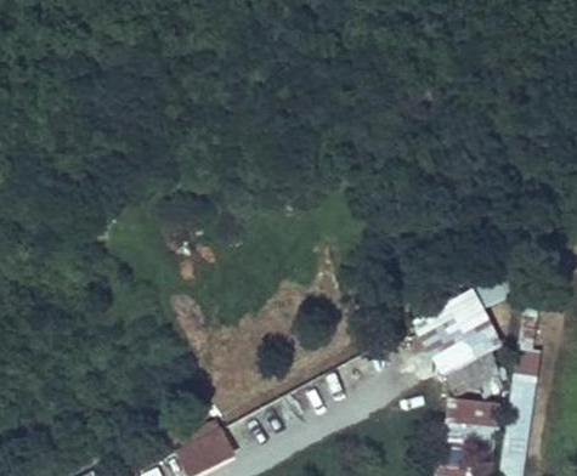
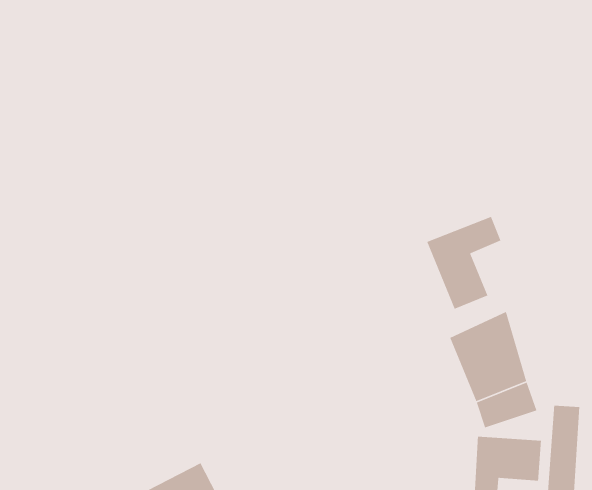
building: none -> [426,216,502,310]

